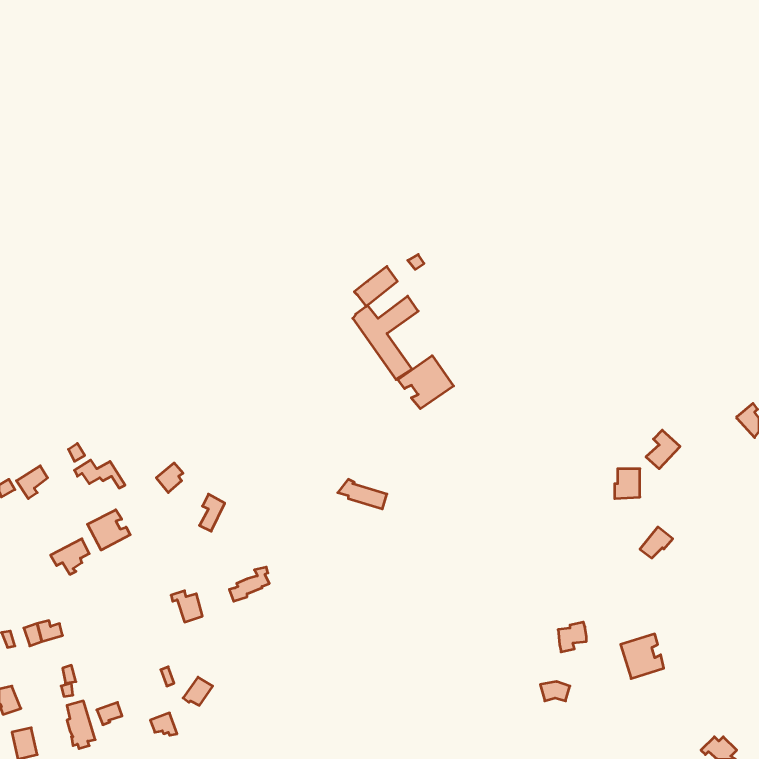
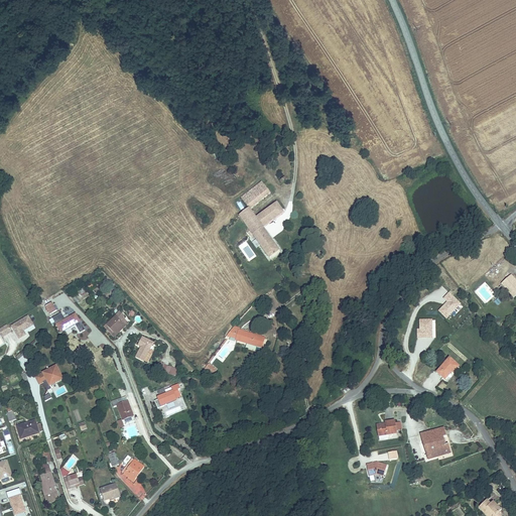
building: [398,356,454,409] -> none
building: [87,510,130,550] -> none

